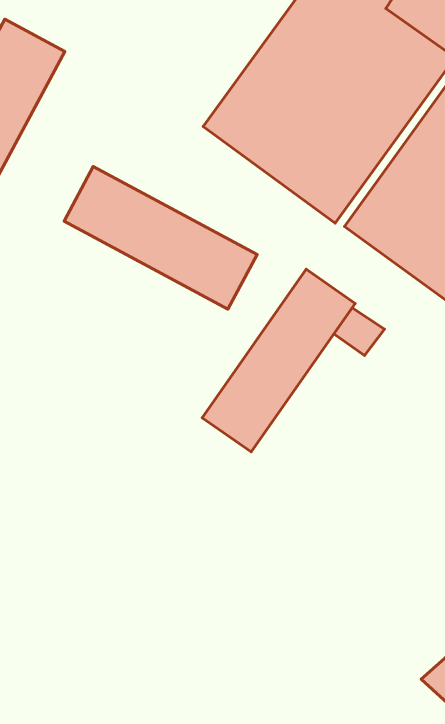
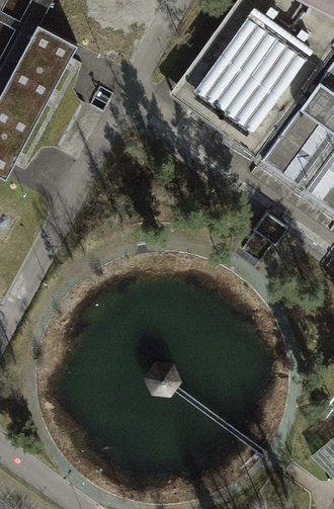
building: [64,167,257,309] -> none
building: [202,269,355,452] -> none

